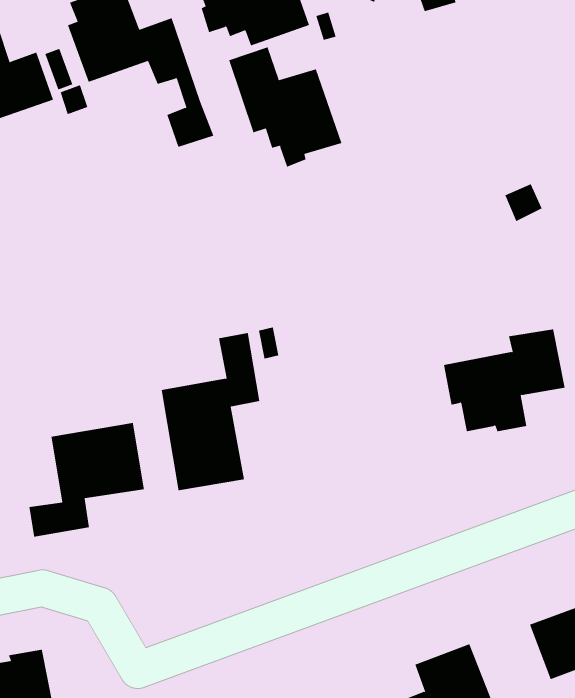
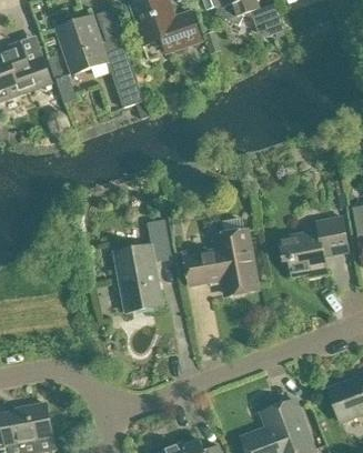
building: [228,46,342,167] -> none
building: none -> [183,230,258,293]
building: [29,422,145,538] -> none

